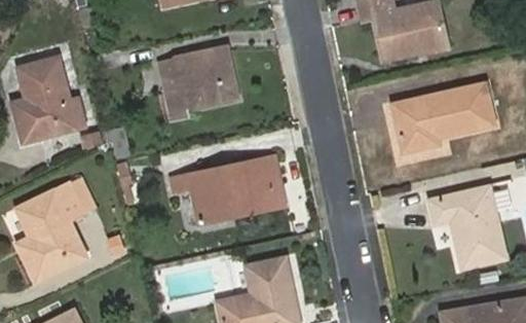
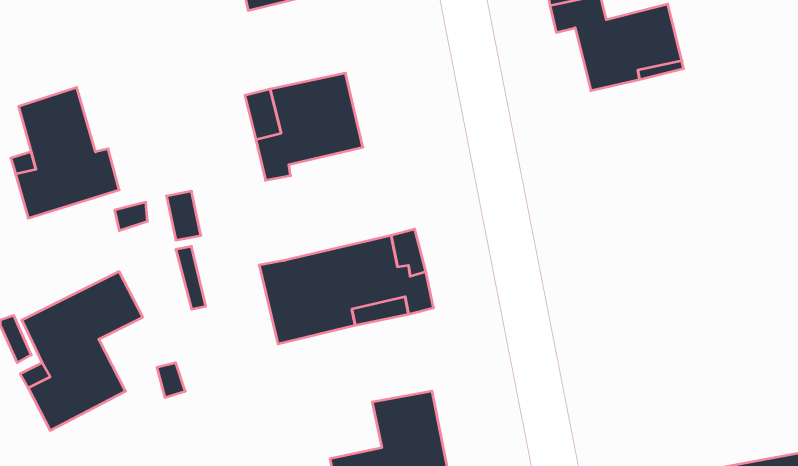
building: [392,83,494,150] -> none
building: [434,187,509,270] -> none

